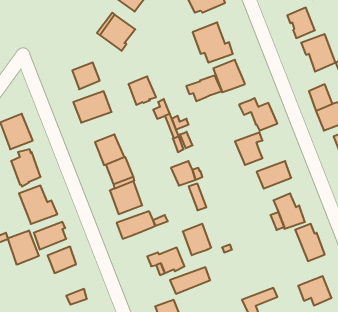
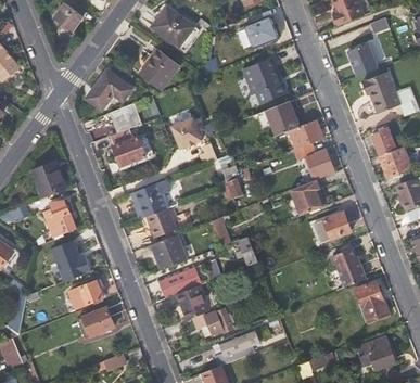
building: none -> [87,69,131,108]
building: [186,75,222,101] -> [284,120,323,149]
building: [183,224,211,255] -> [177,284,208,319]
building: [8,230,39,265] -> none

